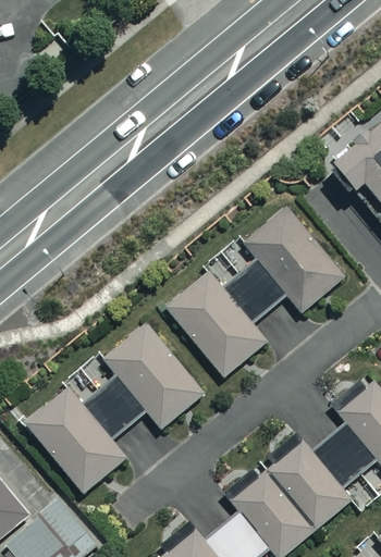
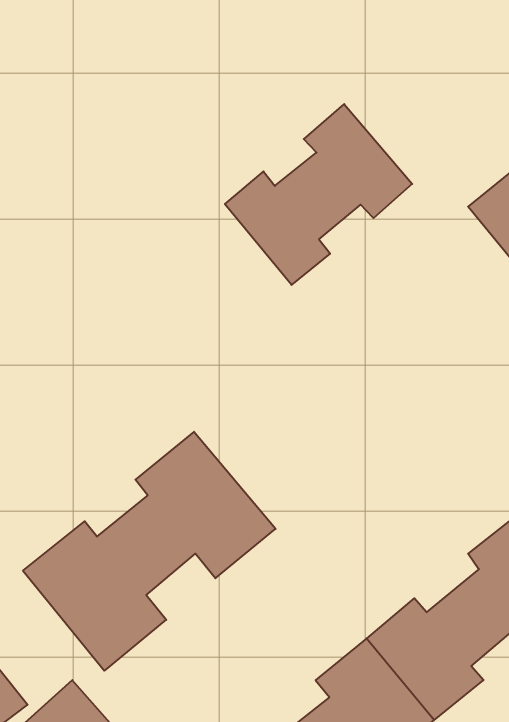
building: none -> [225,104,412,285]
building: [167,207,343,376] -> none

